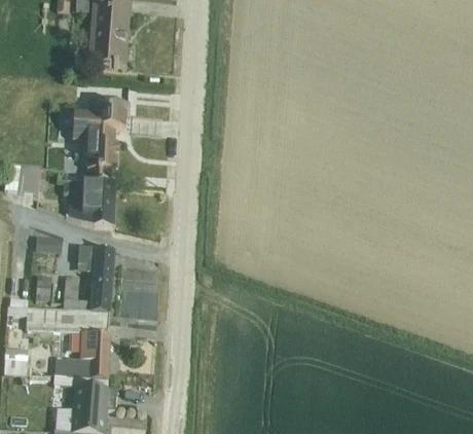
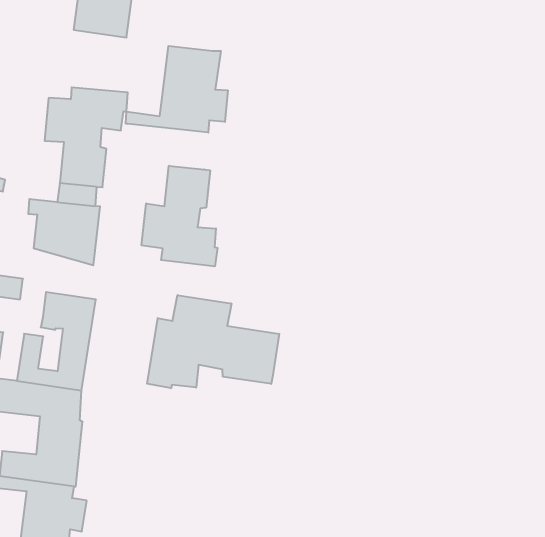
building: none -> [126,46,228,133]
building: none -> [142,166,217,266]
building: none -> [147,295,279,388]

